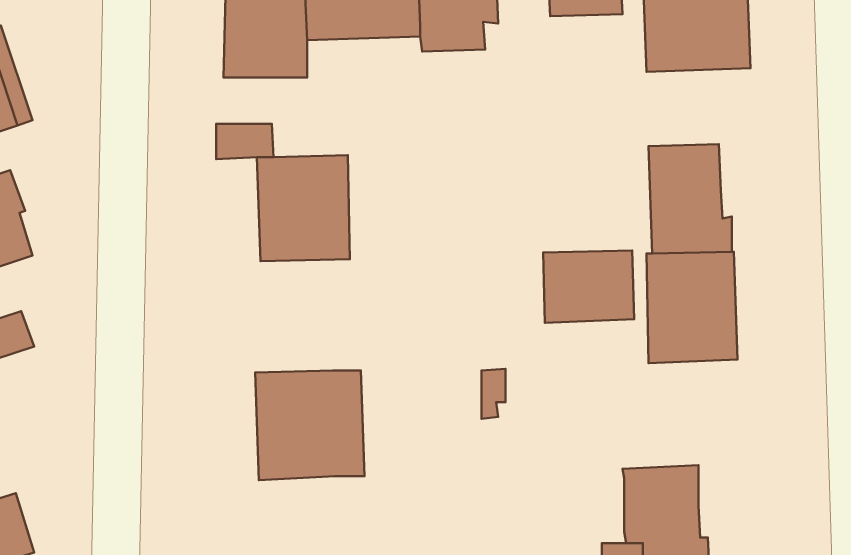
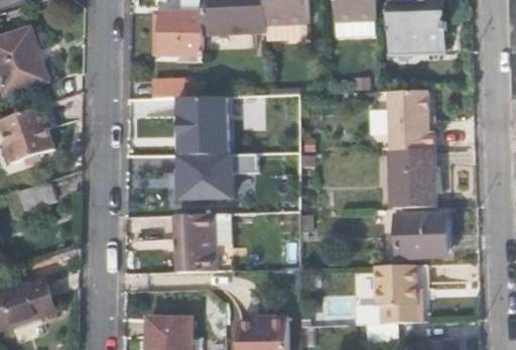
building: [543,251,634,323] -> [396,217,445,256]
building: none -> [173,153,231,198]

